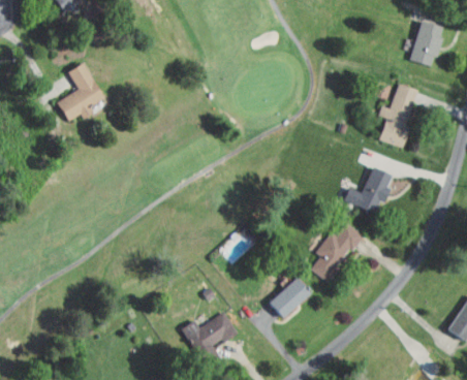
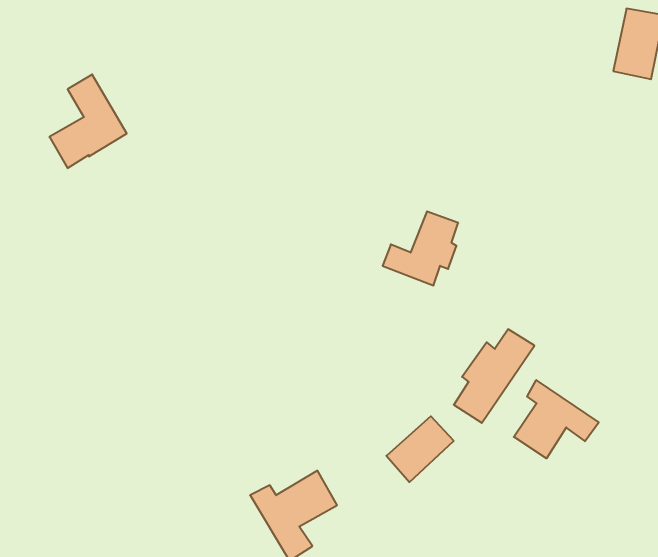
building: [379,84,418,147] -> none
building: [344,167,392,214] -> [383,211,458,285]
building: none -> [514,380,599,458]

